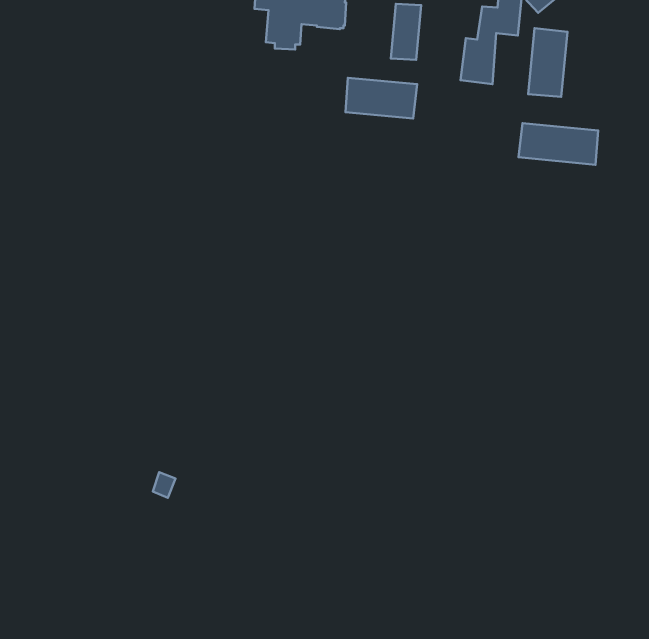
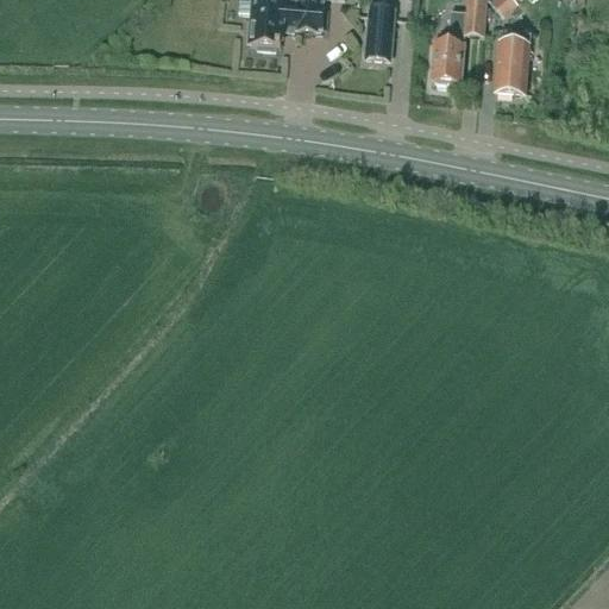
building: [345,78,417,118] -> none
building: [518,123,598,165] -> none

